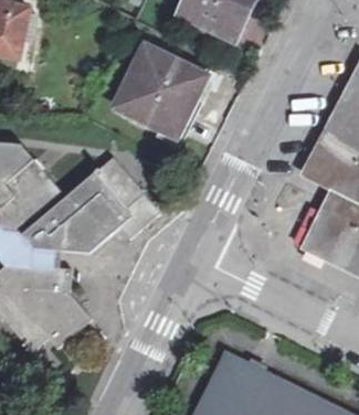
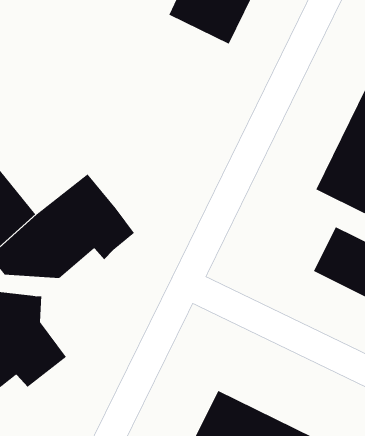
building: [117,50,202,135] -> none

